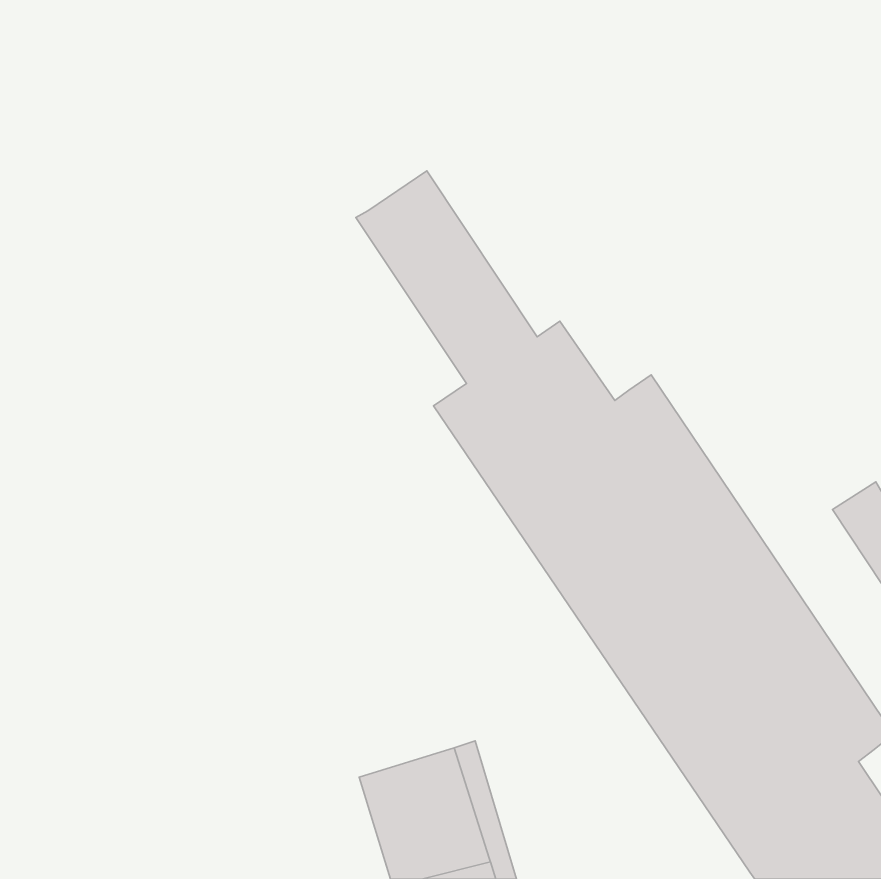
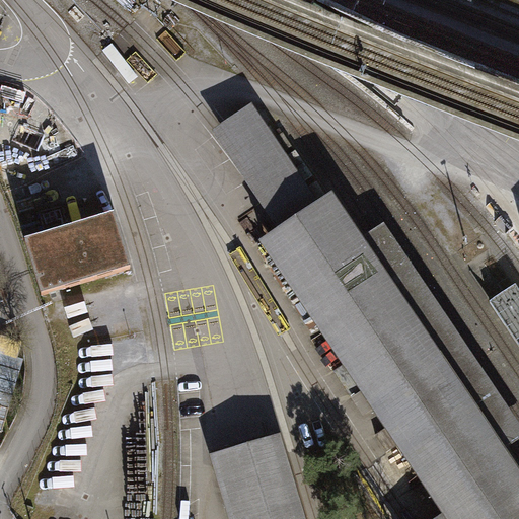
building: none -> [25,213,132,295]

